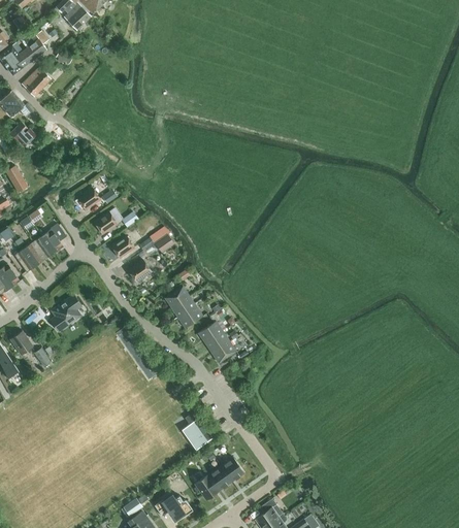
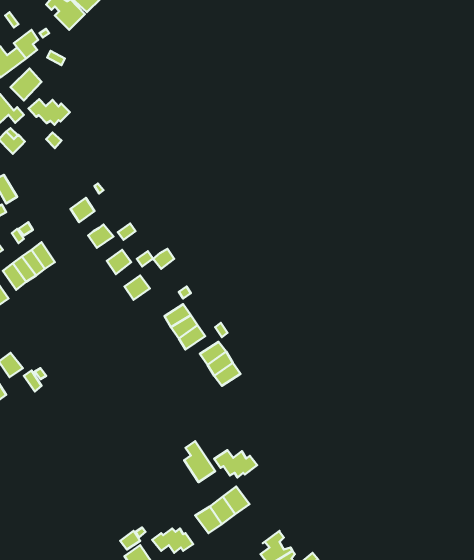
building: none -> [29,99,70,125]
building: [51,296,81,331] -> none
building: none -> [214,450,257,477]

